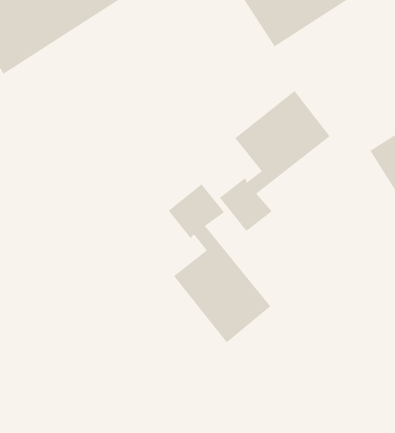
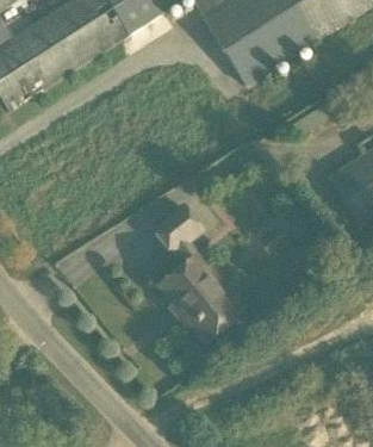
building: [219,90,331,232] -> none

